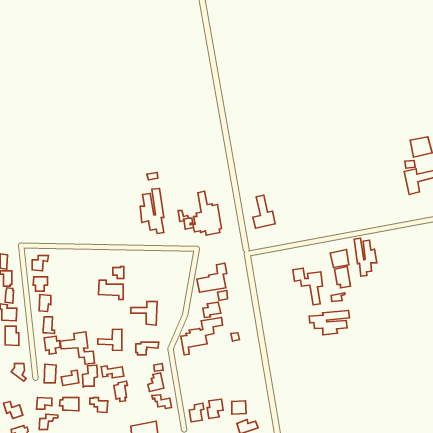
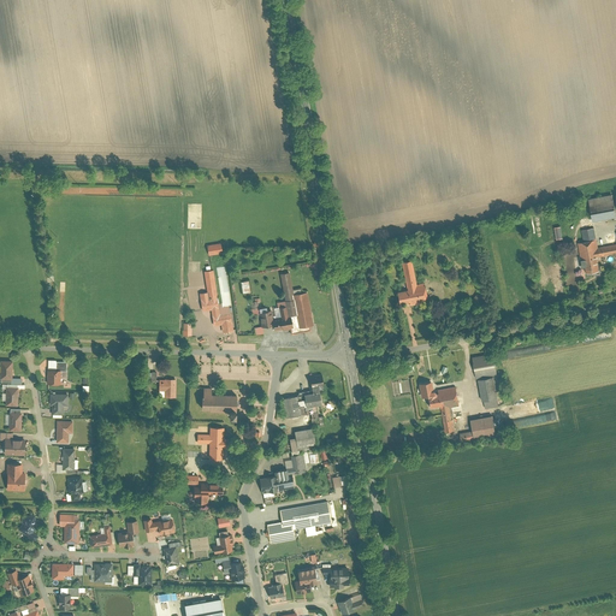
building: [253,195,275,228] -> [396,260,427,307]
building: [354,238,377,276] -> none
building: [98,280,123,300] -> [203,389,238,416]
building: [309,310,350,335] -> none
building: [98,329,122,350] -> none
building: [60,332,94,364] -> none
building: none -> [268,502,333,544]

